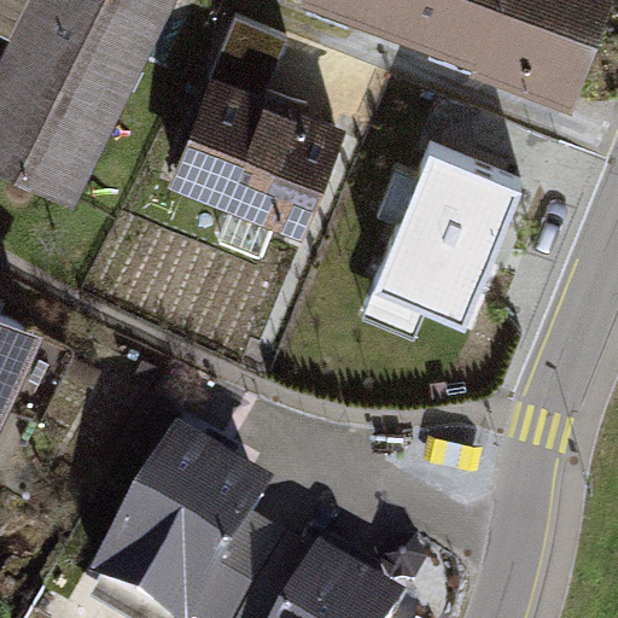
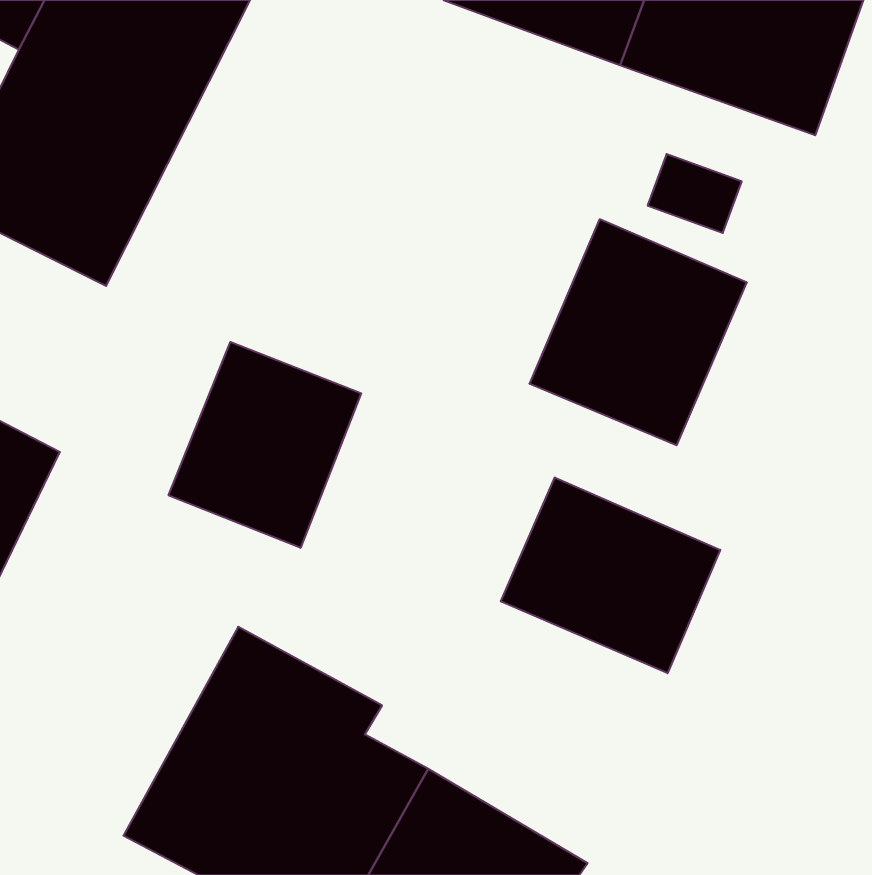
building: [164,11,349,225] -> none
building: none -> [169,342,361,548]
building: none -> [501,477,720,673]

